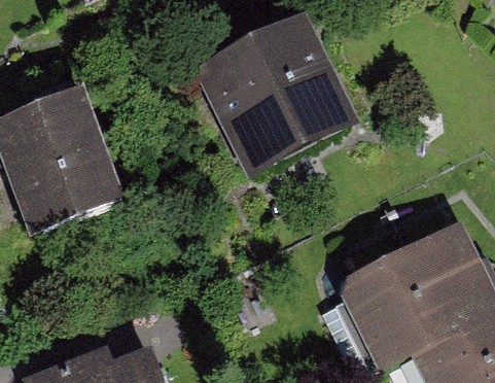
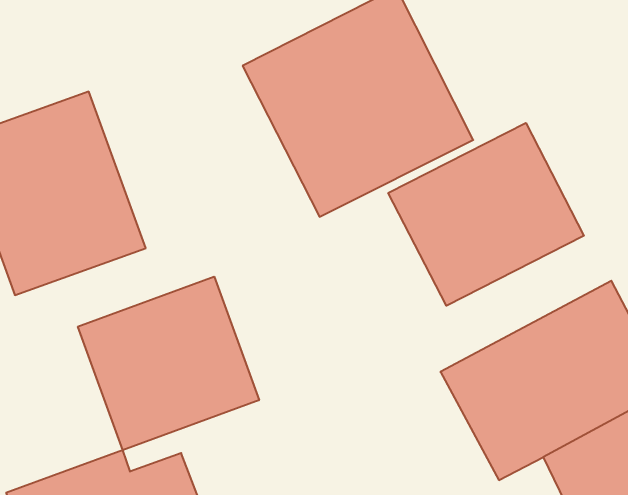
building: none -> [388,123,584,306]
building: none -> [78,277,259,450]

